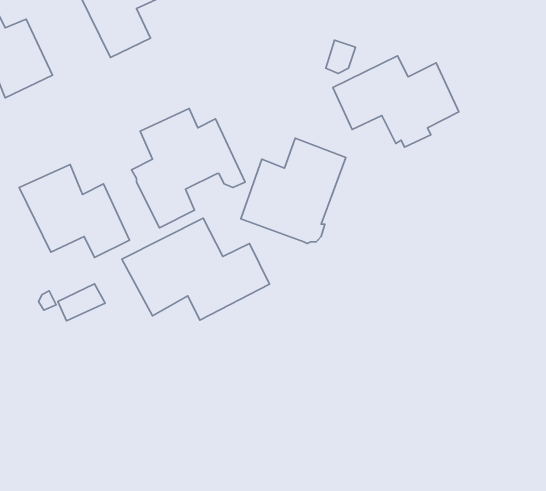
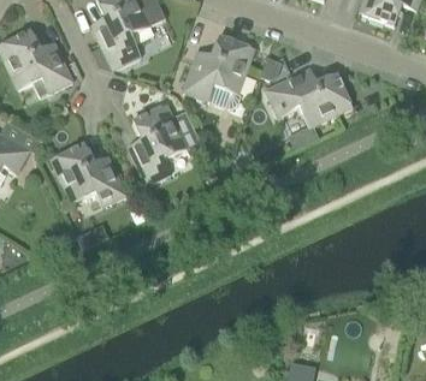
building: [241,138,346,244] -> [182,35,254,107]
building: [122,218,269,320] -> none

